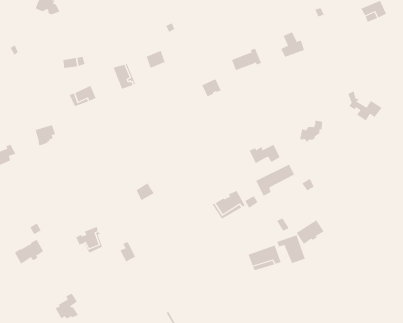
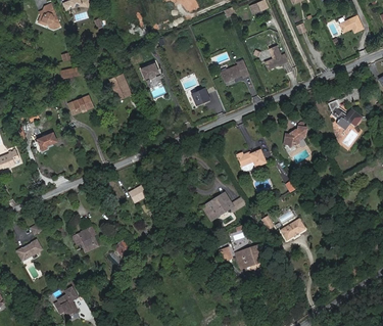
building: [256,164,295,197] -> none
building: [277,234,306,264] -> none

